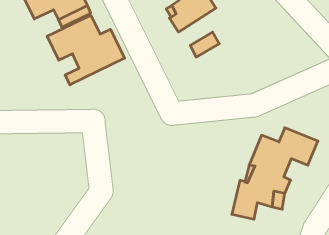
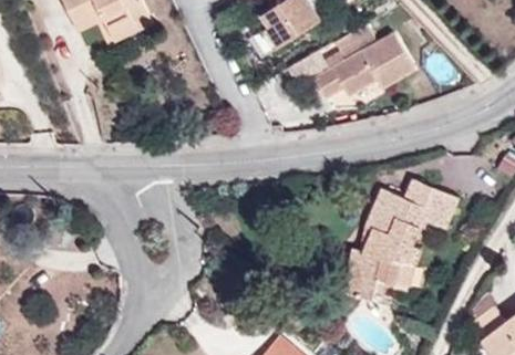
building: [47,15,125,85] -> none
building: none -> [316,35,414,98]

